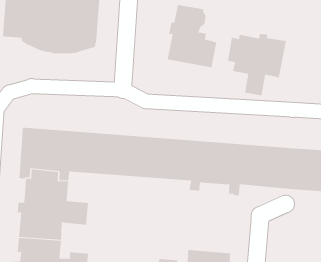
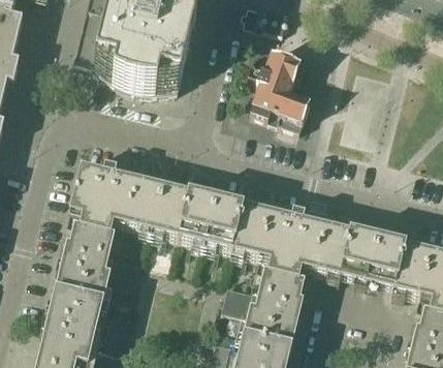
building: [227,33,286,96] -> none
building: none -> [222,255,305,340]

